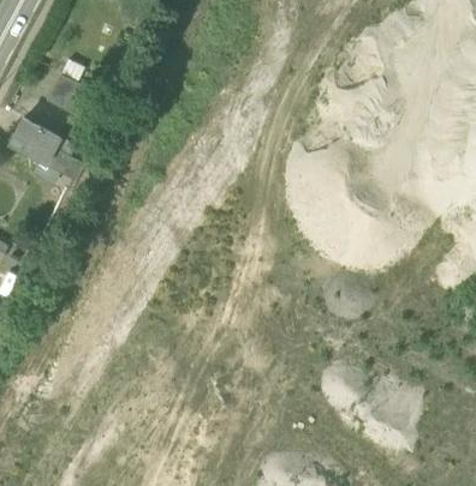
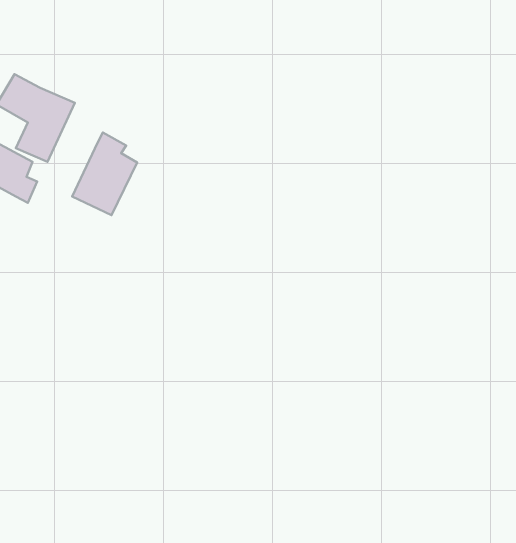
building: none -> [72,133,137,215]

